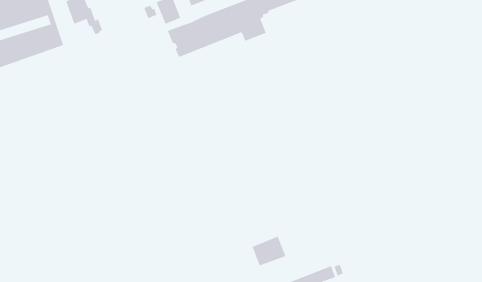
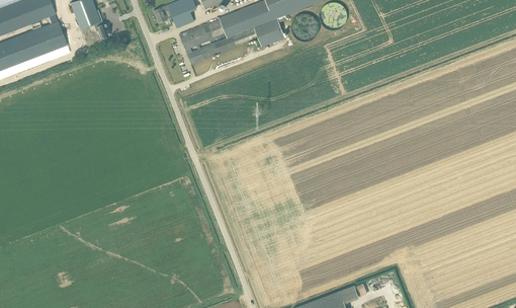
building: [252,236,286,267] -> none

